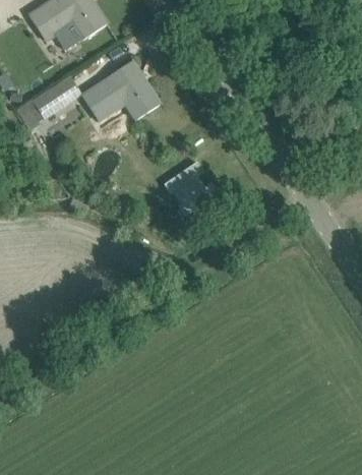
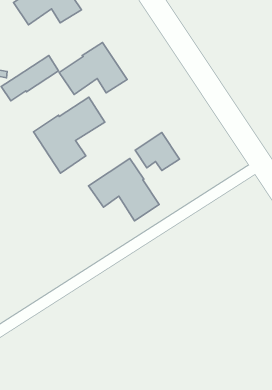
building: none -> [34,97,105,173]
building: none -> [89,158,159,221]

